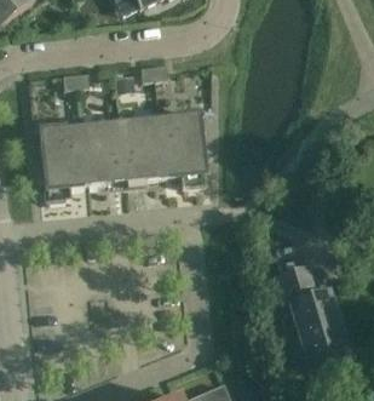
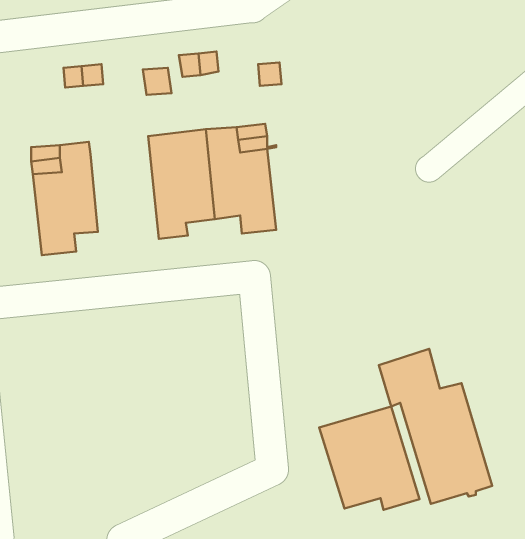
building: [79,121,126,191] -> none
building: none -> [319,407,420,510]

